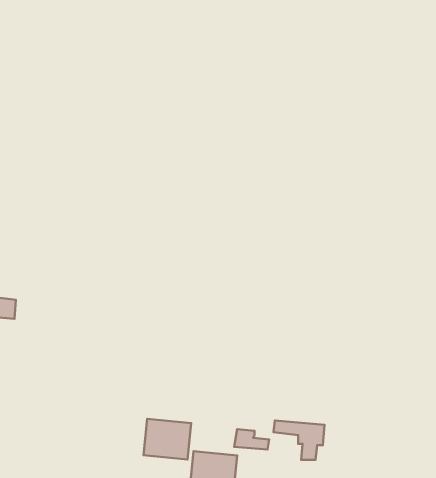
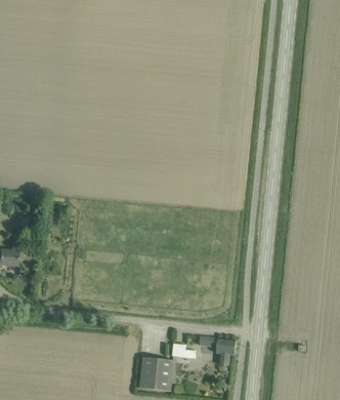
building: [143,419,191,459] -> none

